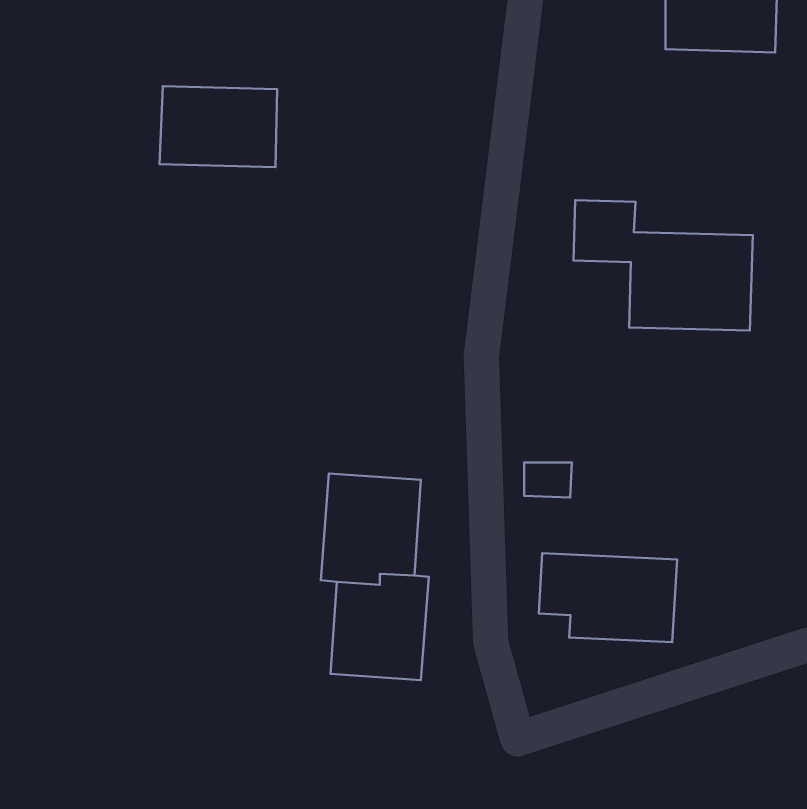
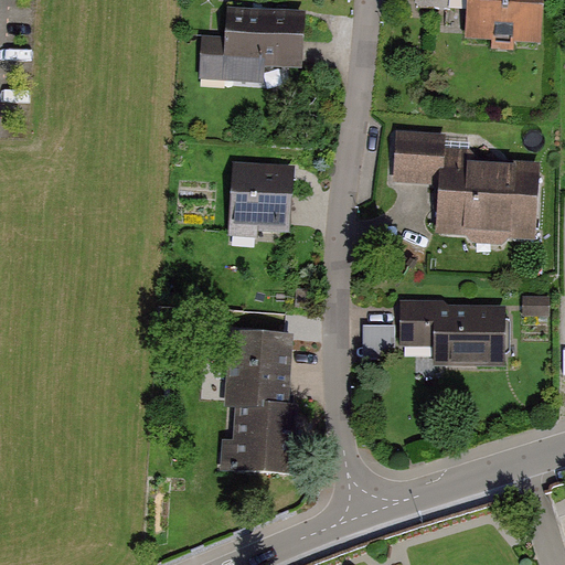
building: [160,86,277,167] -> [217,17,299,73]
building: none -> [228,168,290,230]
building: [539,553,677,642] -> [402,302,498,364]

